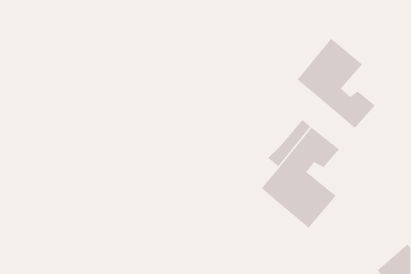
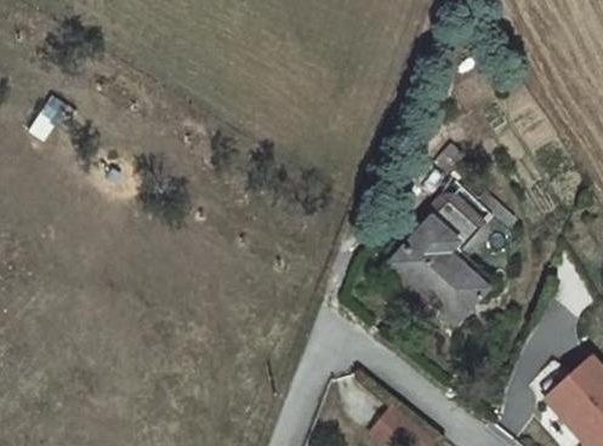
building: [297,38,376,129] -> none

